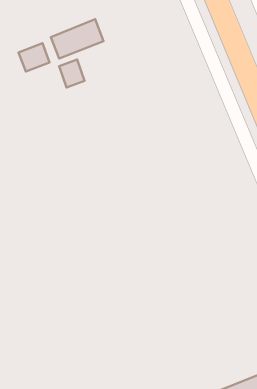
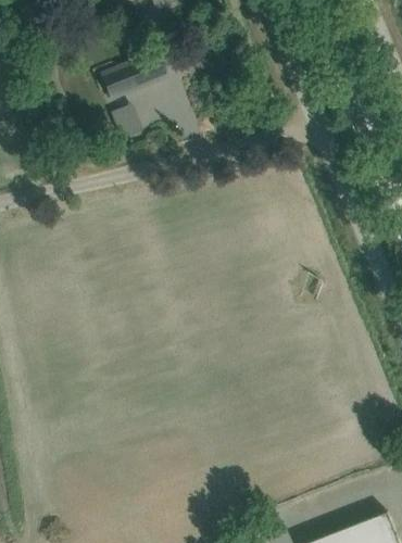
building: [19,43,50,72] -> none

